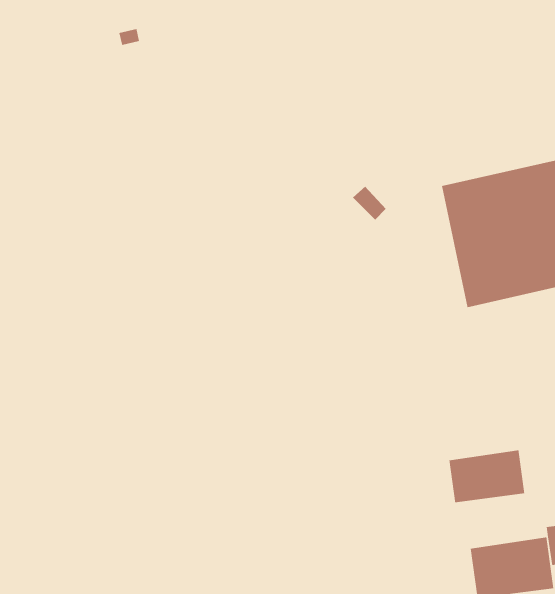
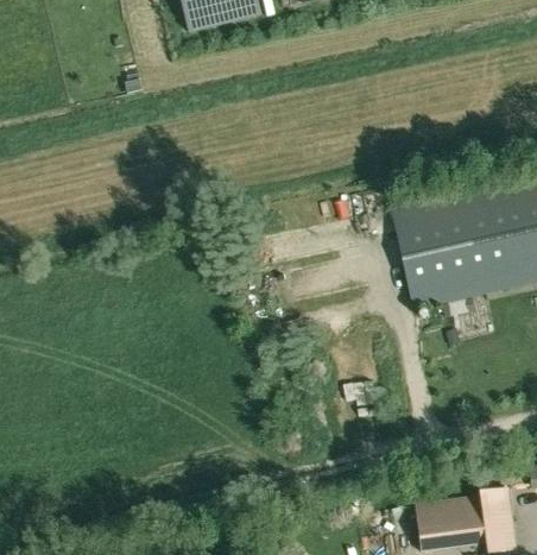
building: [449,450,525,503] -> none

